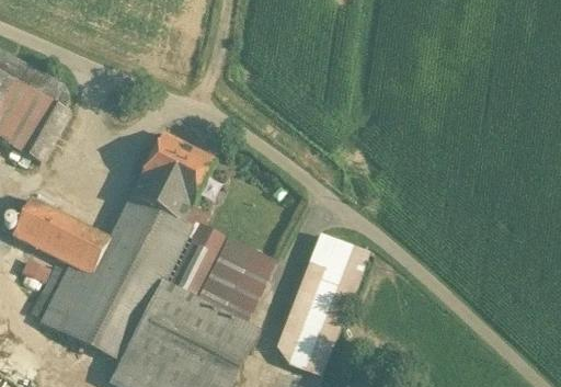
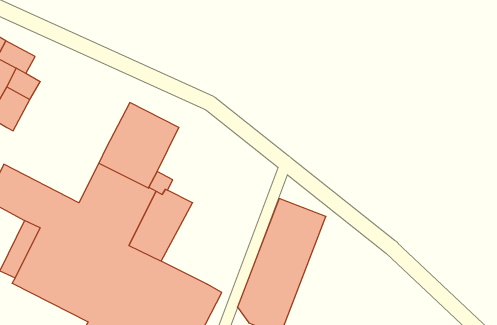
building: [195,238,274,323] -> none

